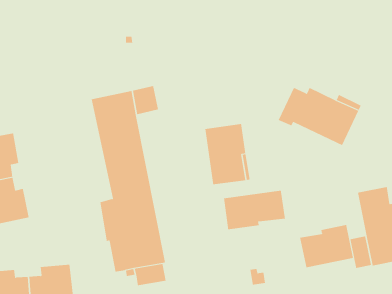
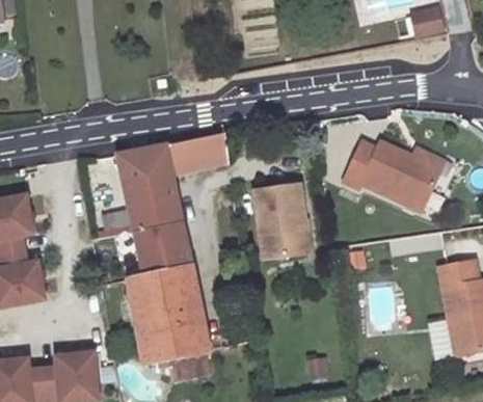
building: none -> [193,132,229,167]
building: [224,190,286,230] -> none
building: [299,224,354,268] -> none

